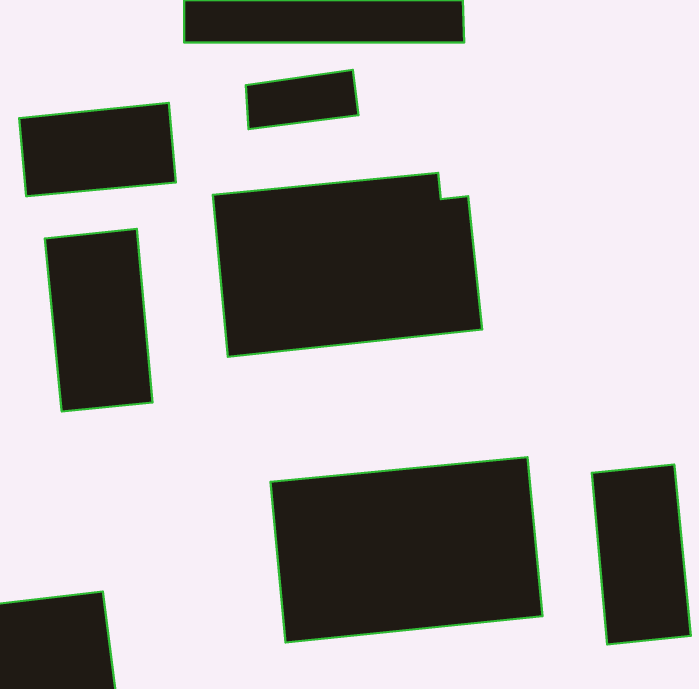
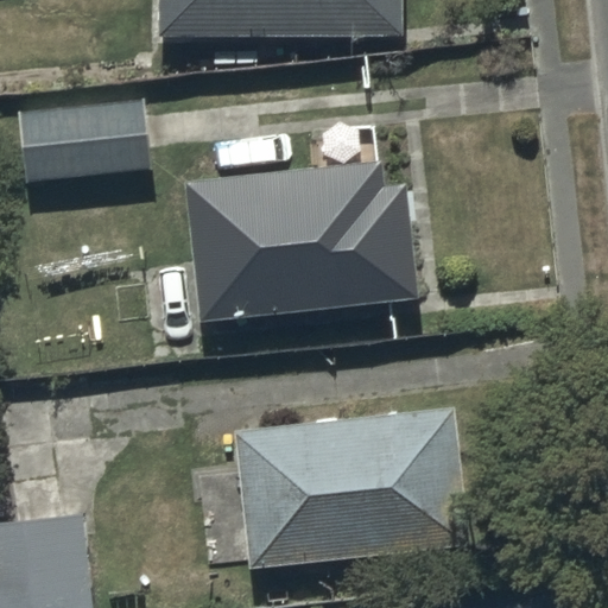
building: [45,229,152,412] -> none
building: [592,465,691,645] -> none

